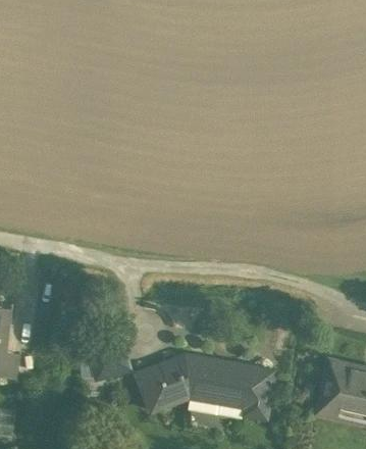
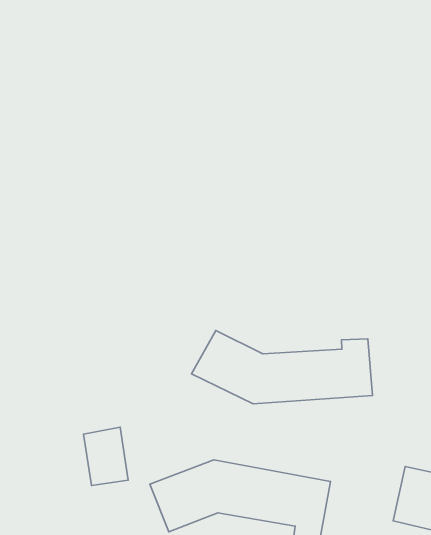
building: none -> [192,330,373,404]

